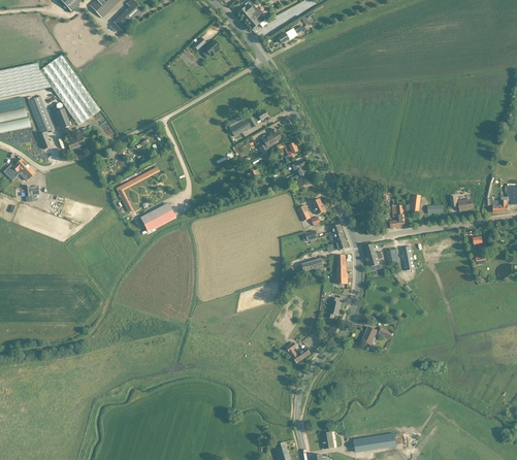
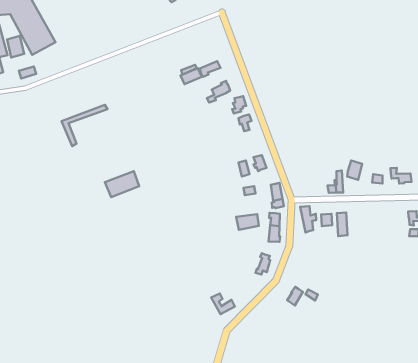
building: [140,202,175,231] -> [105,171,139,197]

